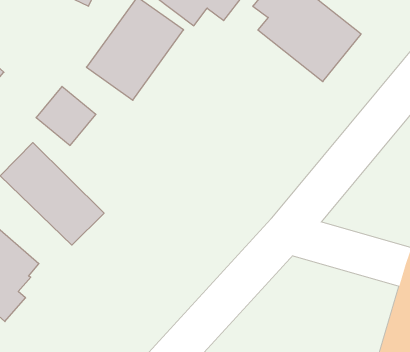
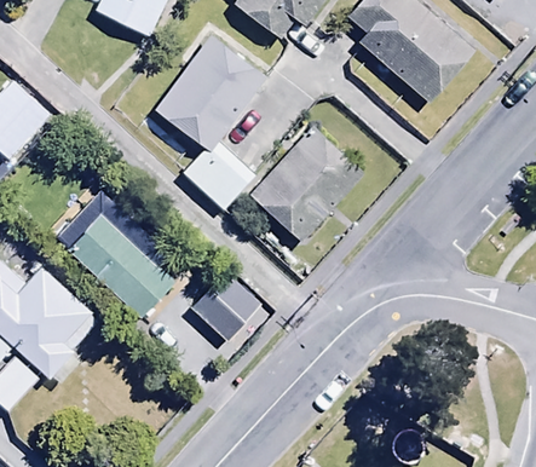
building: [36,86,96,145] -> [186,137,257,206]
building: none -> [248,126,359,237]
building: none -> [190,271,257,338]

